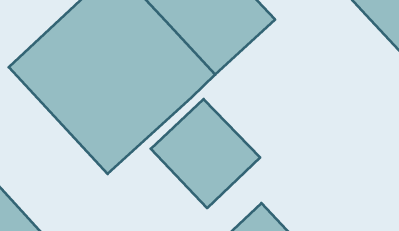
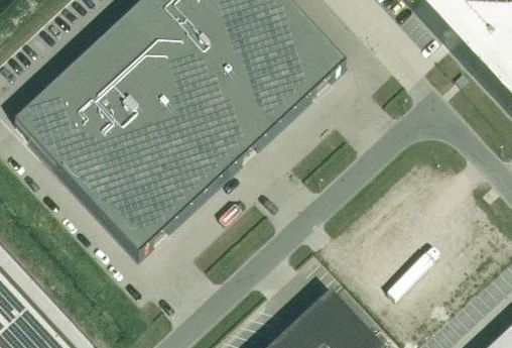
building: [151,99,260,208] -> none

